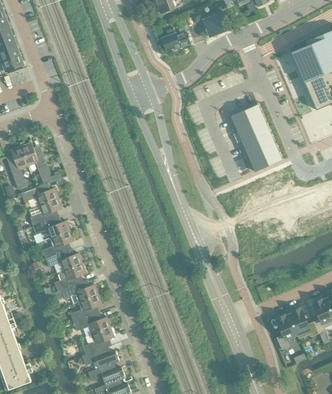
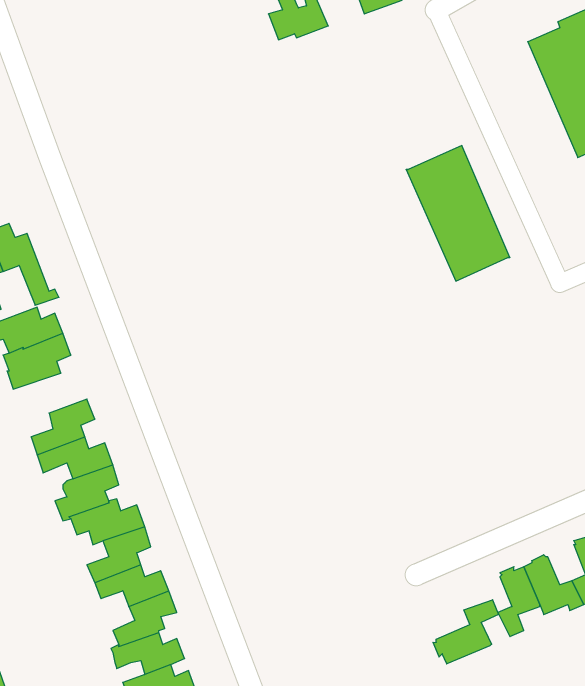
building: [32,217,69,240] -> none
building: none -> [433,600,499,664]

